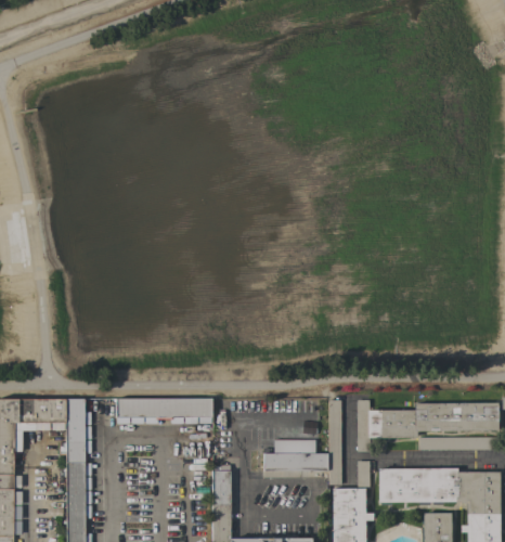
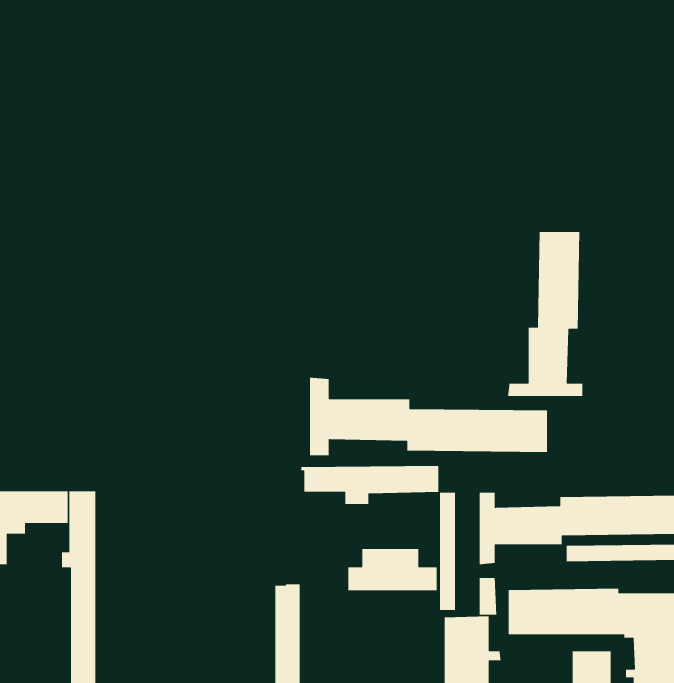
building: none -> [507,231,583,397]
building: none -> [309,377,548,456]
building: [114,398,212,426] -> [300,465,439,505]

